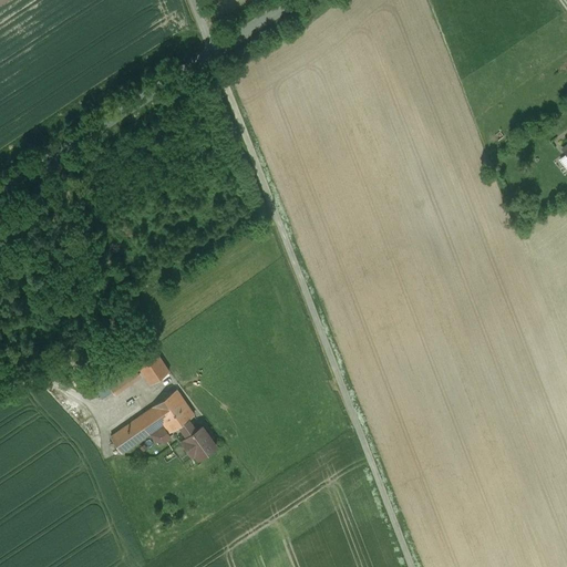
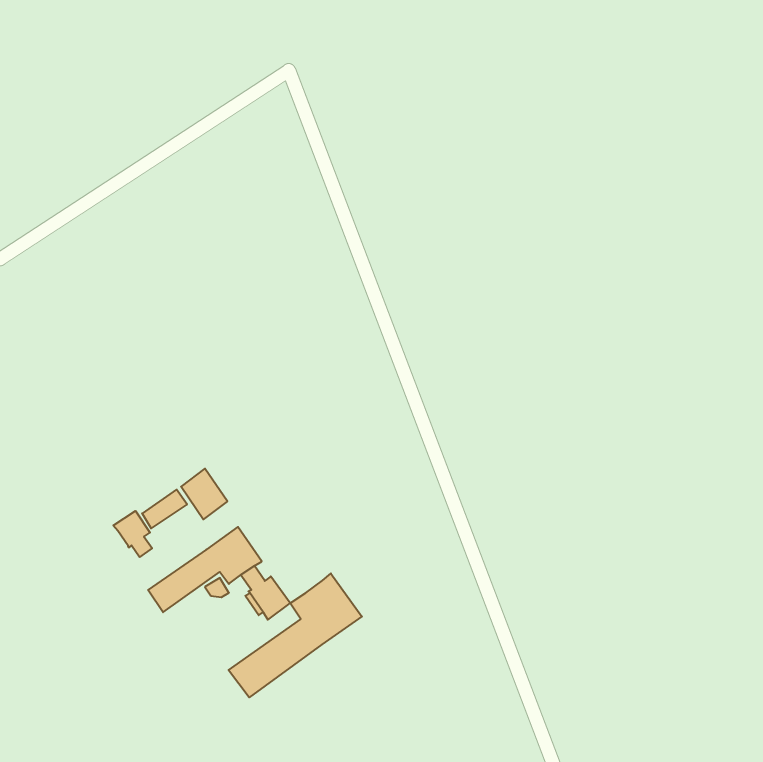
building: none -> [113,511,152,557]
building: none -> [229,573,362,697]

